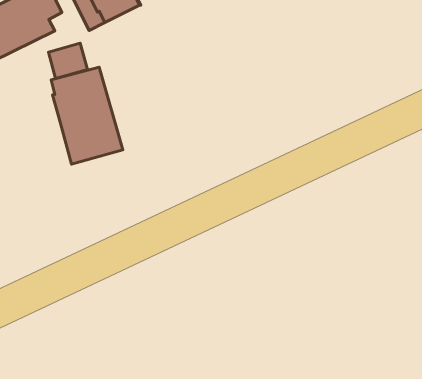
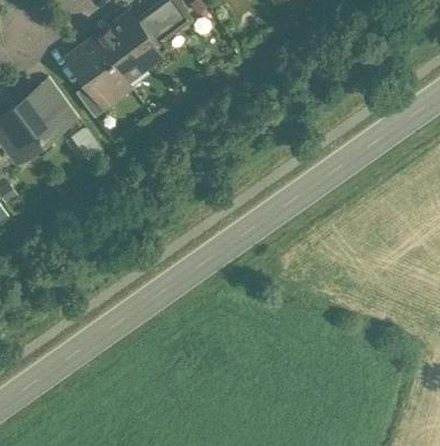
building: [51,67,123,164] -> none

